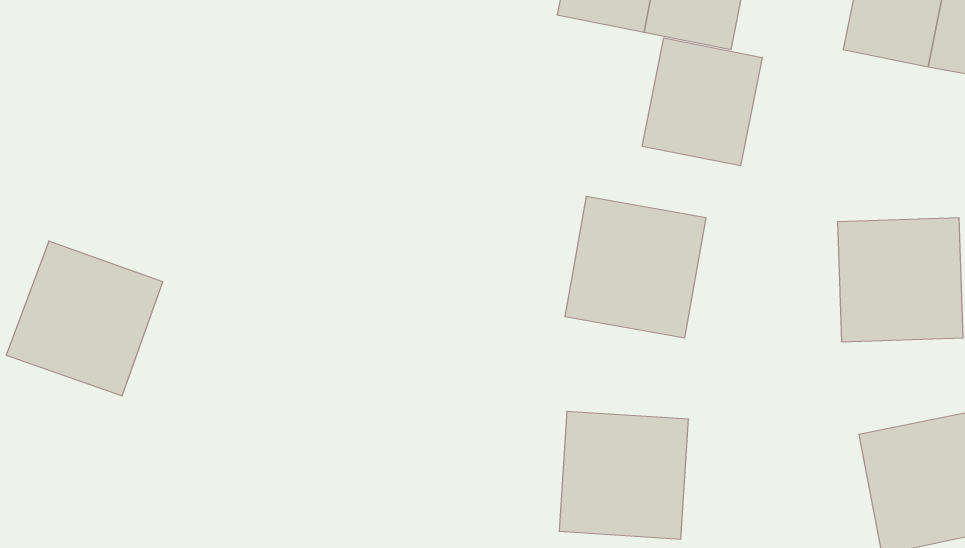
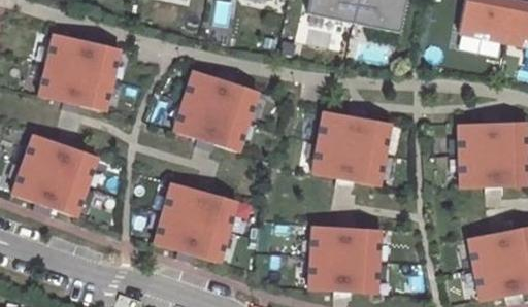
building: [642,38,762,166] -> none
building: none -> [38,32,117,110]
building: none -> [172,70,255,151]
building: none -> [155,182,236,262]

